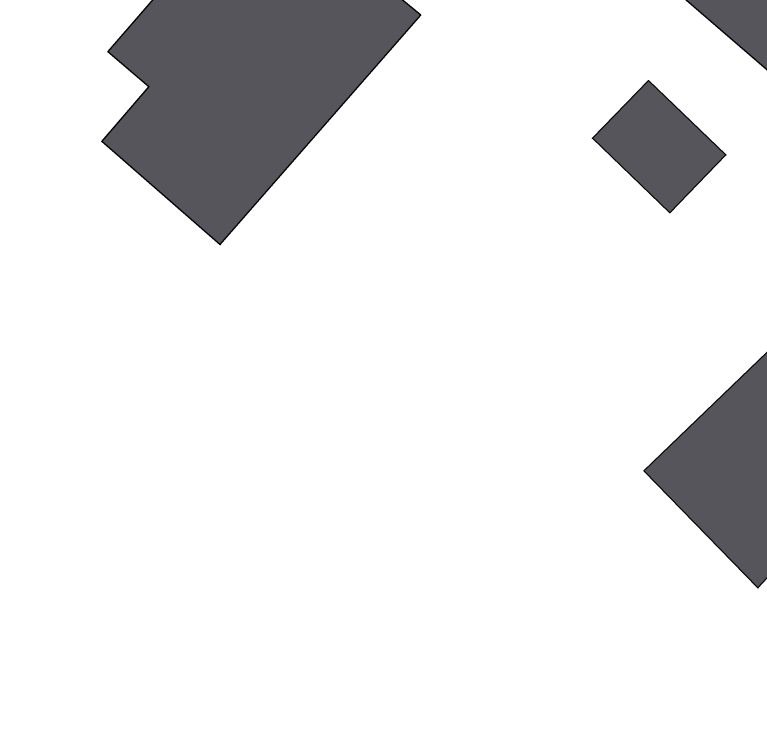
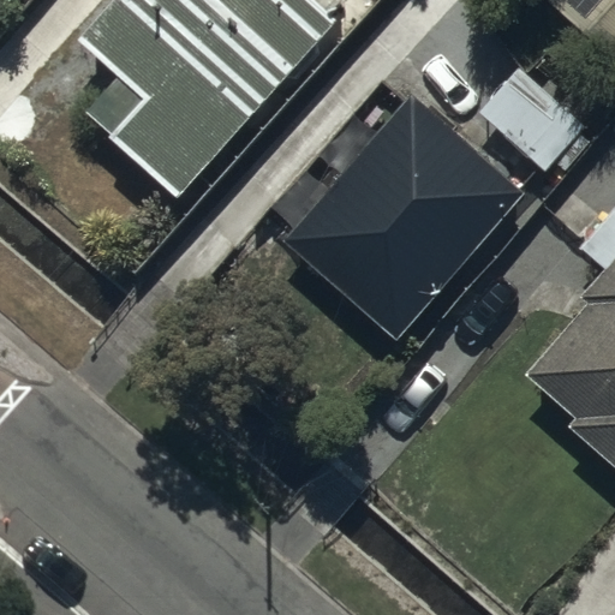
building: none -> [294,106,524,338]

